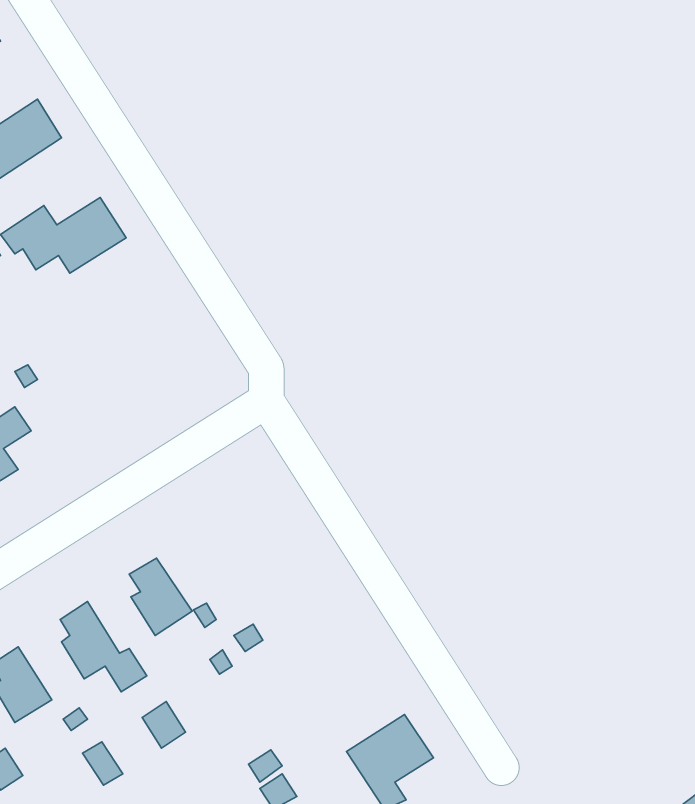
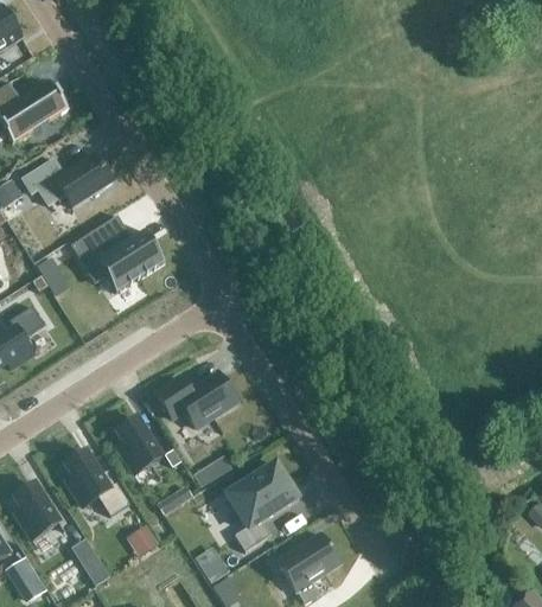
building: none -> [82,217,164,292]
building: none -> [157,373,236,427]
building: none -> [227,462,298,551]

